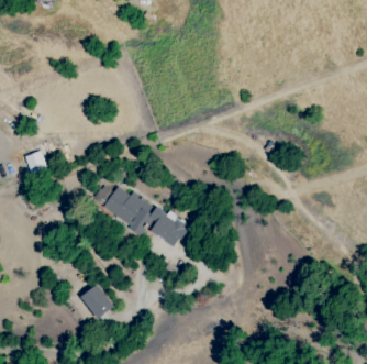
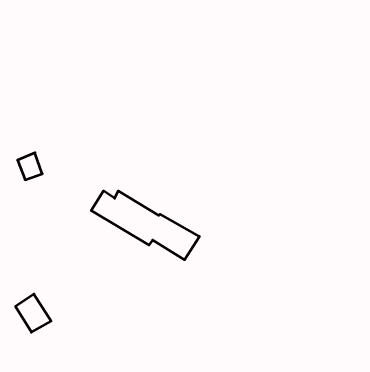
building: [82,285,114,319] -> [16,294,51,332]

